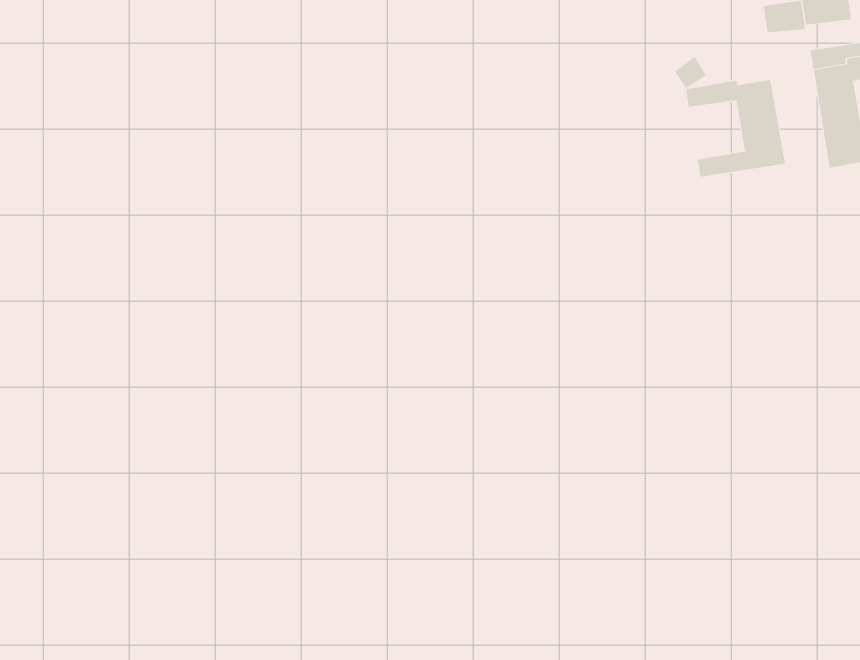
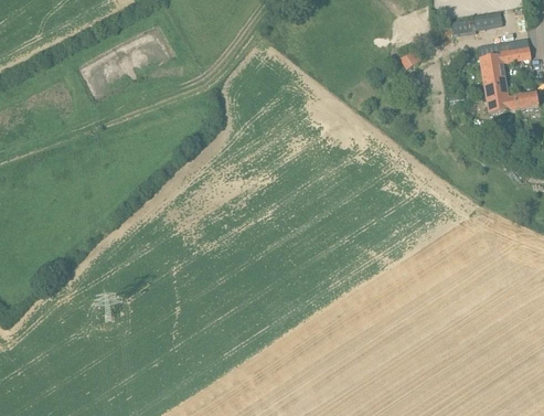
building: [686,79,785,178] -> none

